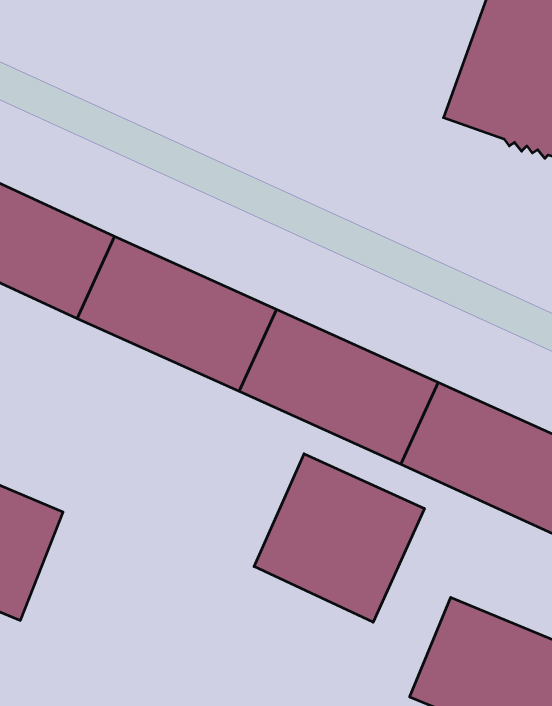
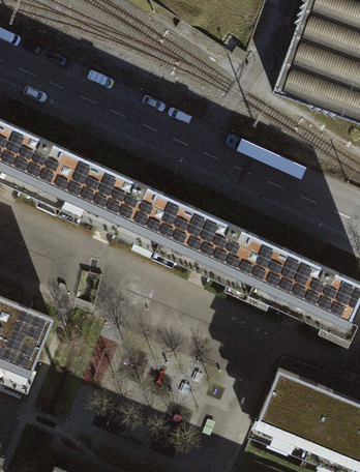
building: [254,454,424,622] -> none

